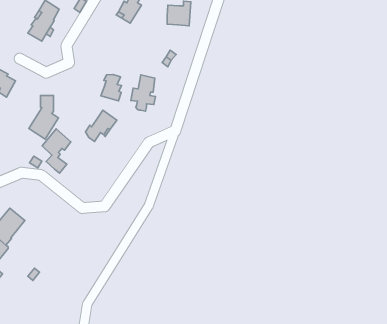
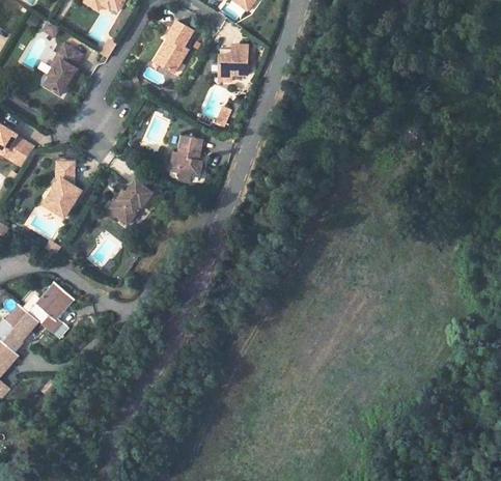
building: [101,75,121,101] -> none
building: [42,129,71,173] -> [36,282,73,338]

